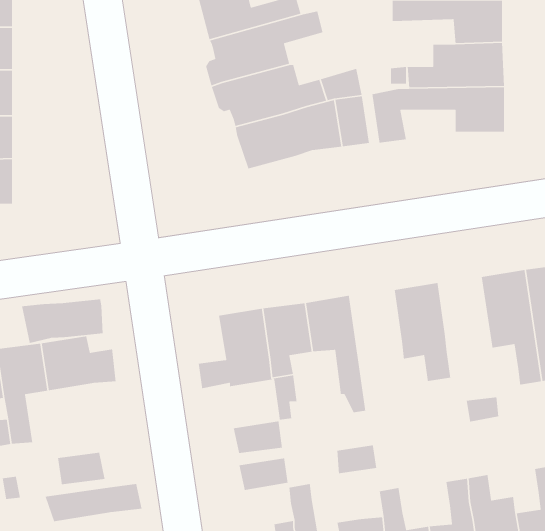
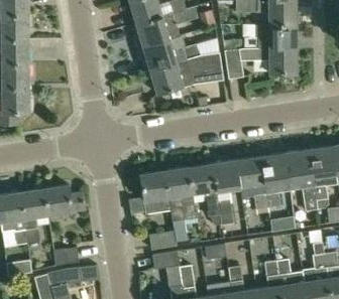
building: none -> [260,152,290,207]
building: none -> [212,159,240,226]
building: [21,298,104,344] -> none

